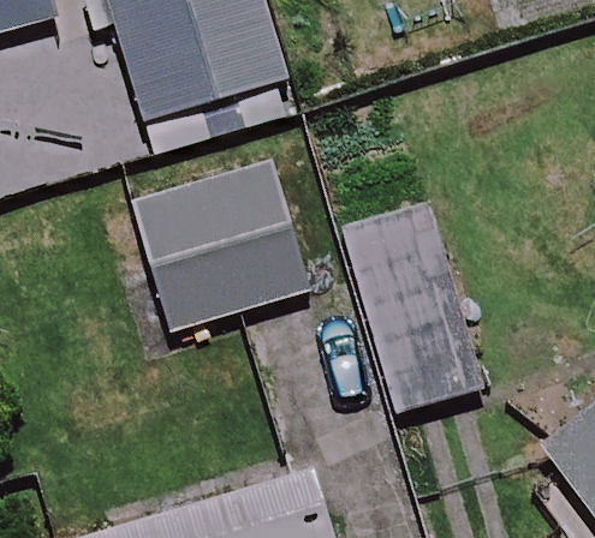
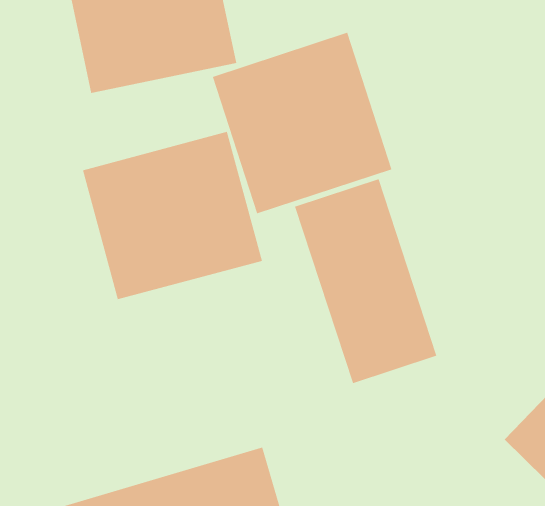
building: none -> [212,32,392,214]

